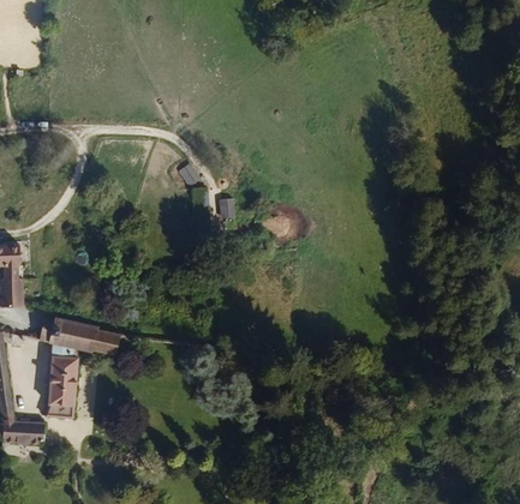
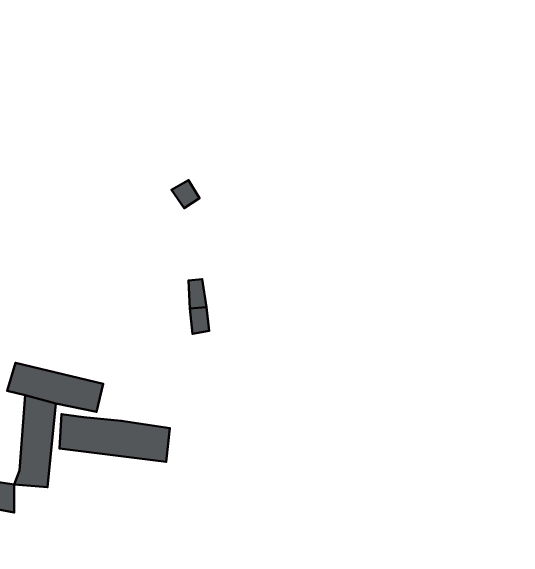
building: none -> [59,414,170,462]

